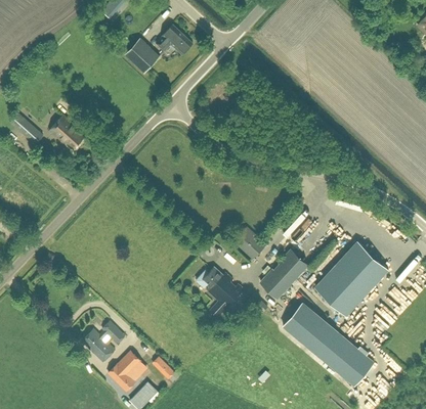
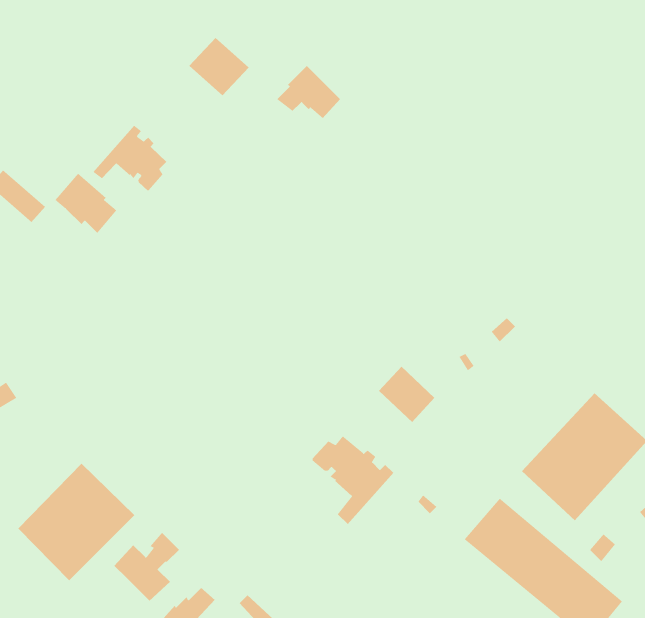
building: [156,24,193,54] -> [276,65,341,119]
building: none -> [93,125,167,191]
building: [260,248,308,298] -> none
building: none -> [17,463,135,581]

